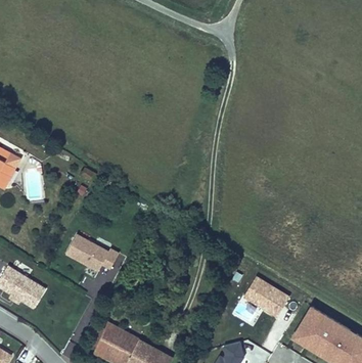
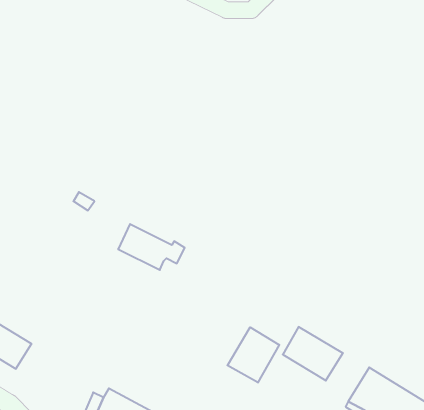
building: [67,235,120,271] -> [118,224,185,270]
building: none -> [227,327,279,383]

